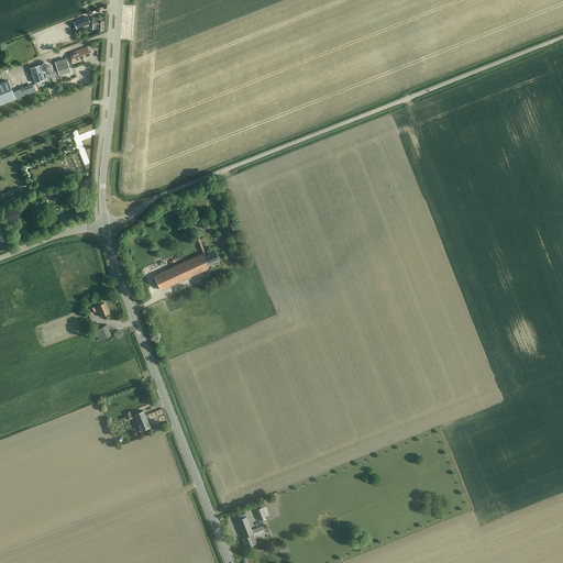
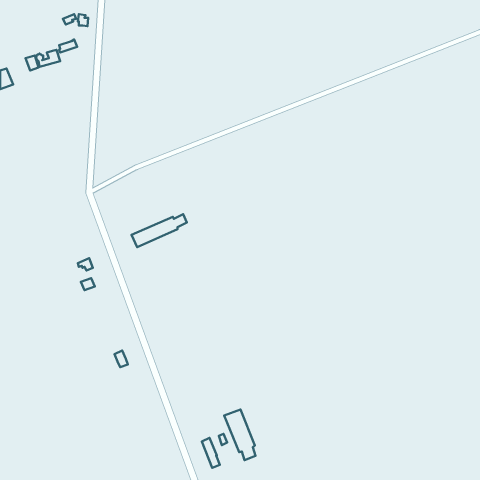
building: none -> [224,409,256,460]

